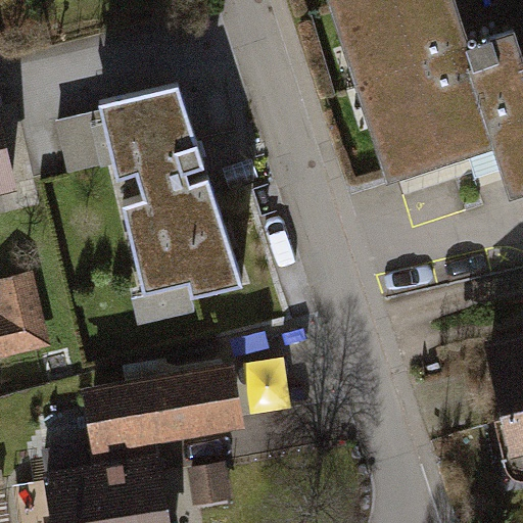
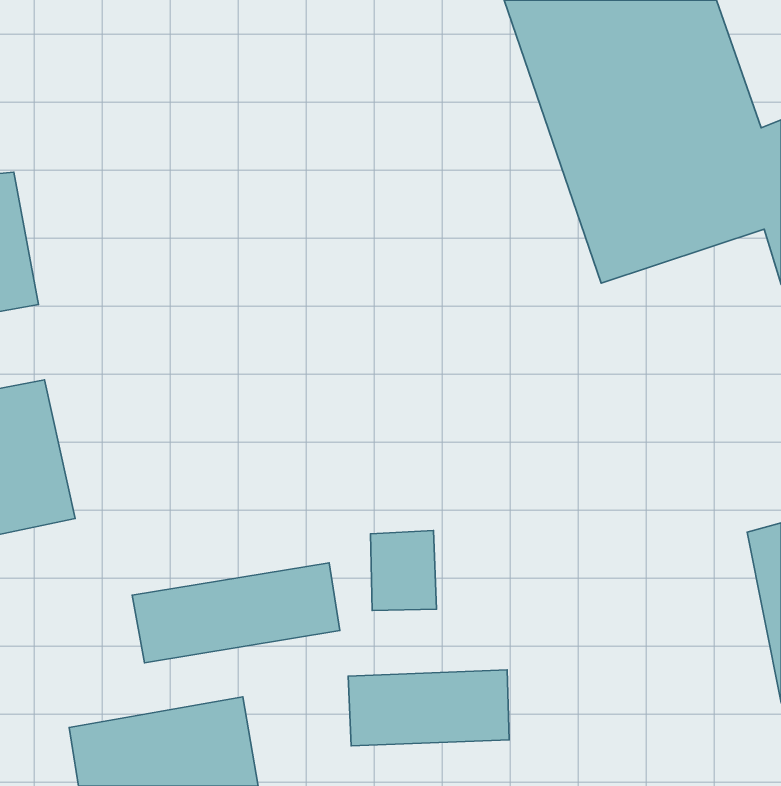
building: [94,81,238,327] -> none
building: none -> [348,670,509,746]

